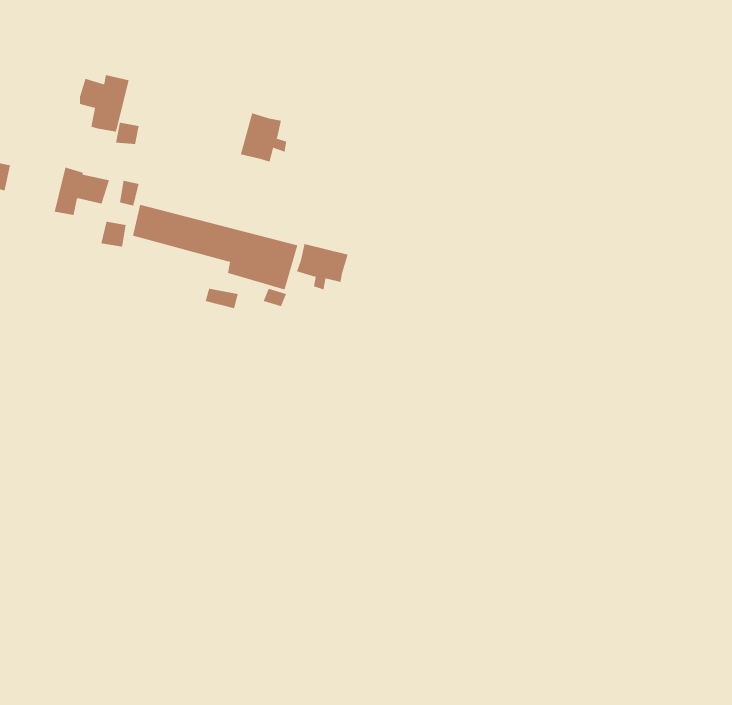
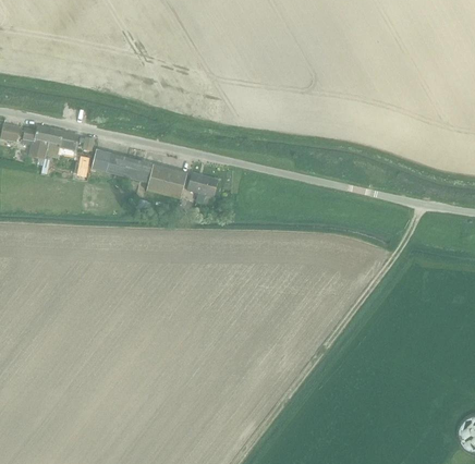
building: [79,74,130,132] -> [22,123,51,157]
building: [240,113,287,162] -> none

